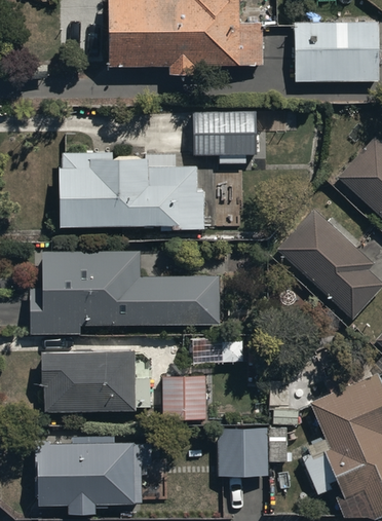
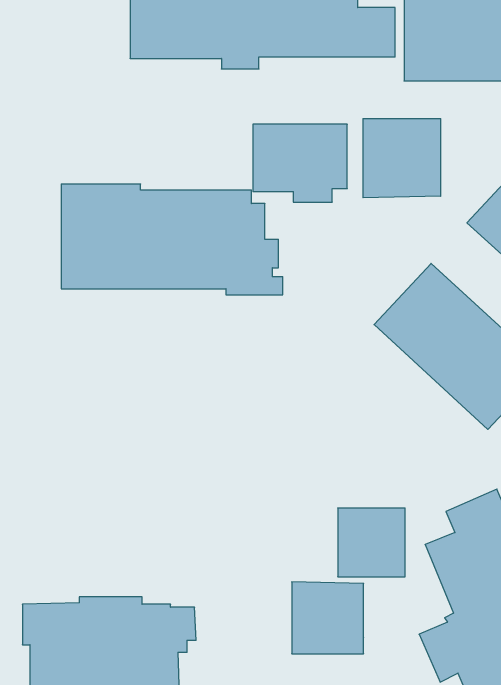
building: none -> [363,119,441,198]
building: [30,254,219,337] -> none
building: [41,349,150,411] -> none
building: [161,375,207,422] -> [338,508,405,577]

